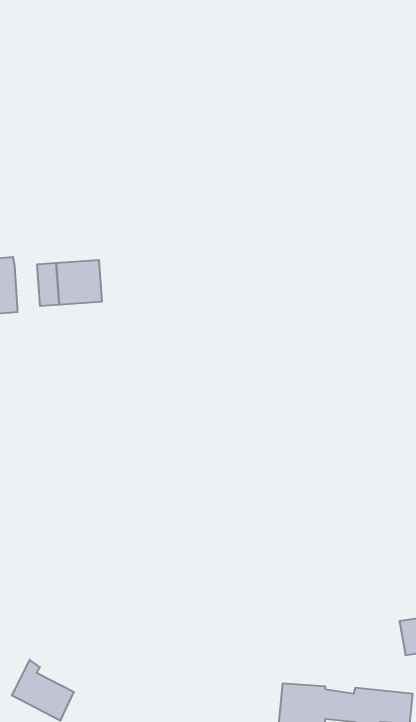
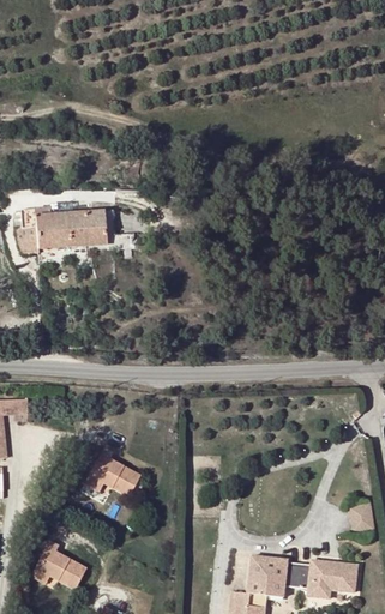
building: none -> [36,217,56,252]
building: none -> [85,444,137,493]

